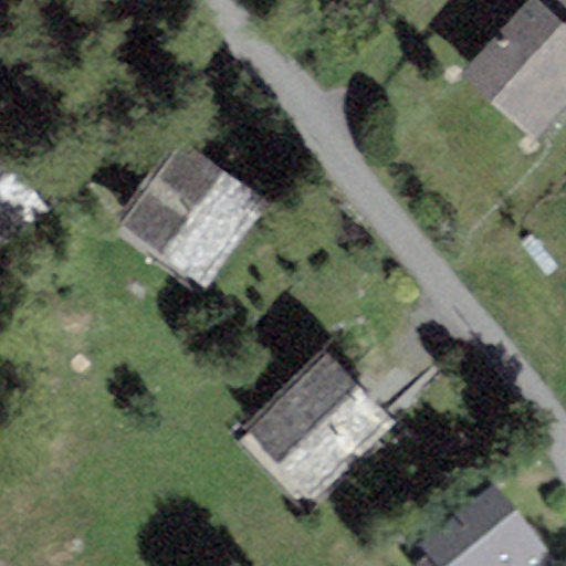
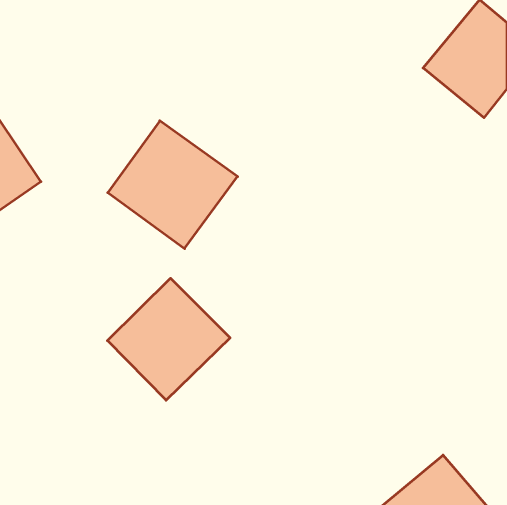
building: none -> [107,278,230,400]
building: [253,368,381,495] -> none

